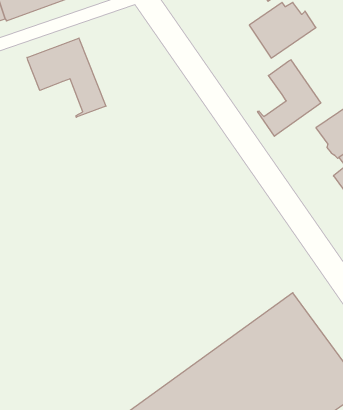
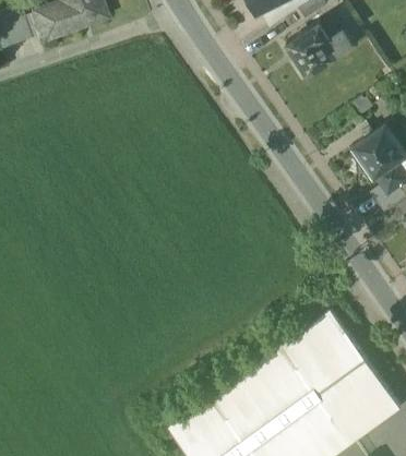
building: [27,38,106,117] -> none
building: [258,60,321,136] -> none

